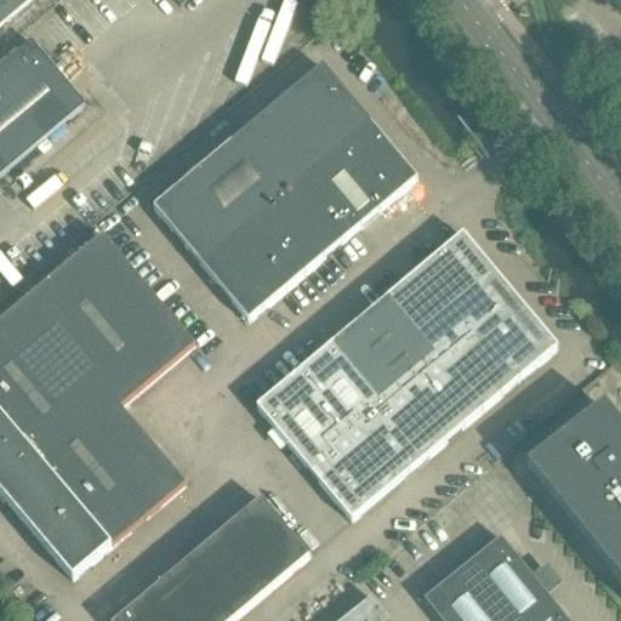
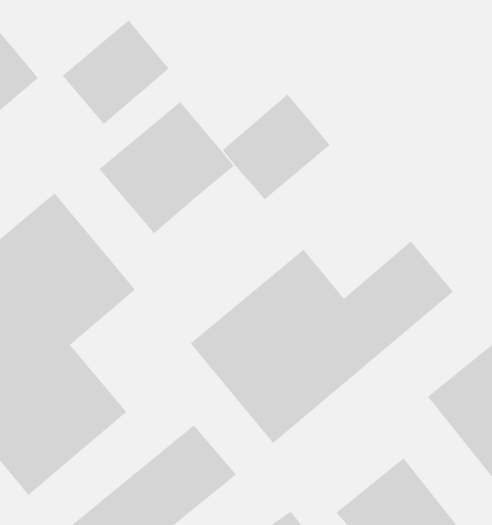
building: [246,62,369,182] -> [62,20,169,125]
building: [216,200,342,318] -> none
building: [387,230,509,351] -> none

